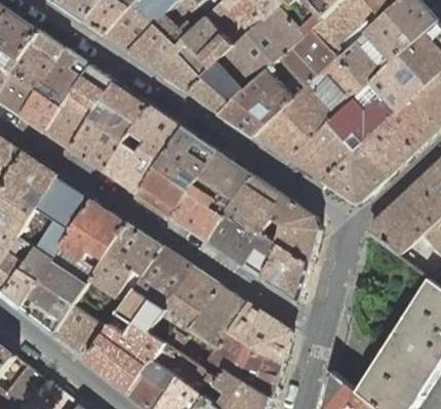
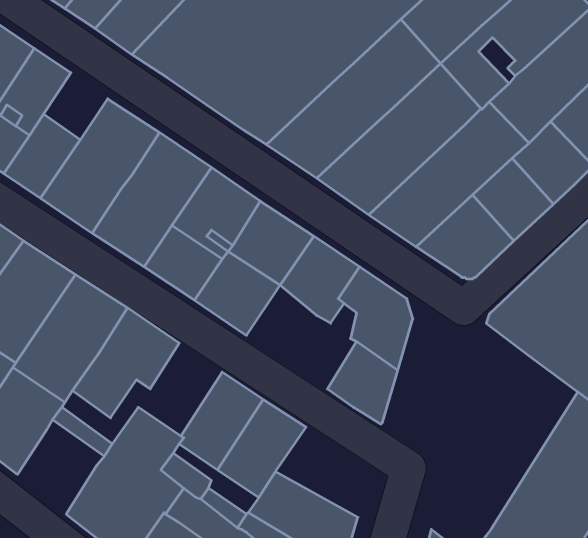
building: [70,65,113,110] -> none
building: [206,207,280,277] -> none
building: [133,246,190,309] -> none
building: [226,302,289,363] -> none
building: [52,304,106,361] -> none

